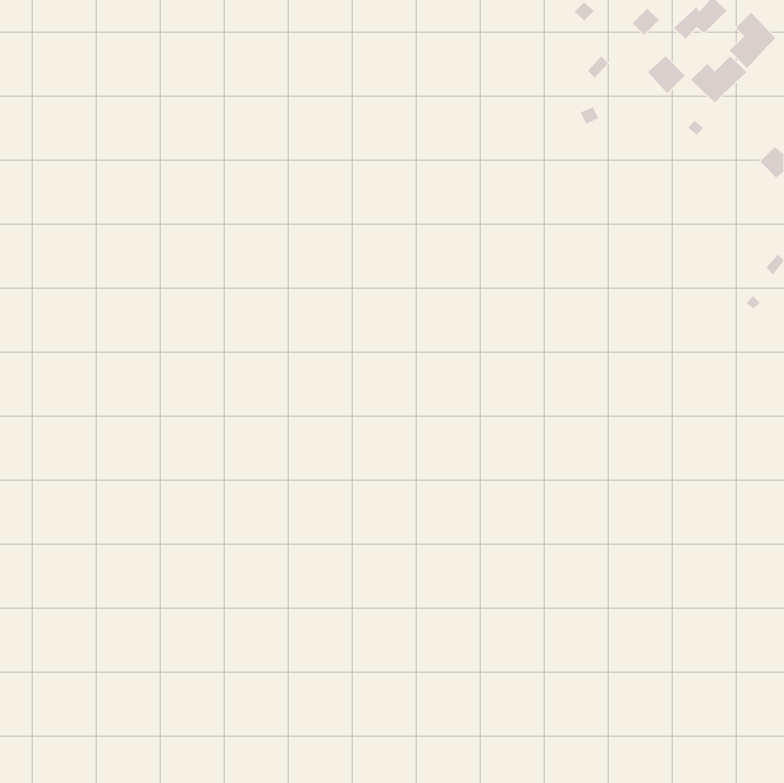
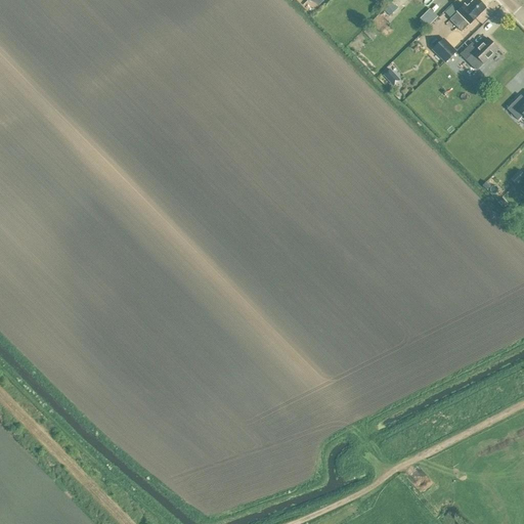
building: [729,12,776,69] -> none

